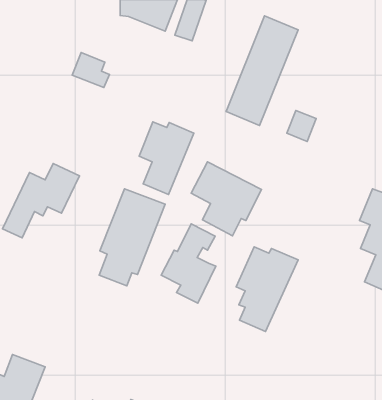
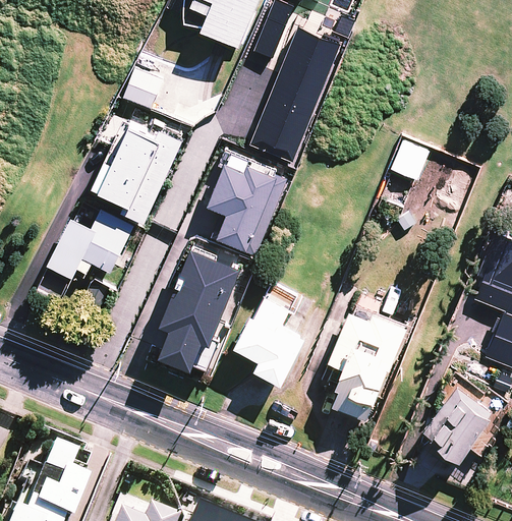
building: [226,16,298,125] -> [250,26,340,163]
building: none -> [95,119,183,224]
building: [191,162,261,236] -> none
building: none -> [423,393,495,462]

